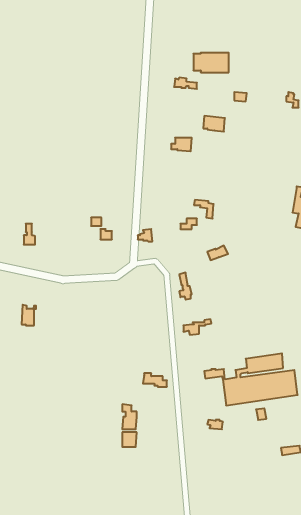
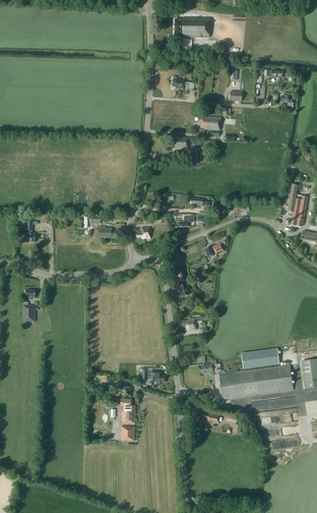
building: [193,53,229,72] -> [175,17,209,37]

